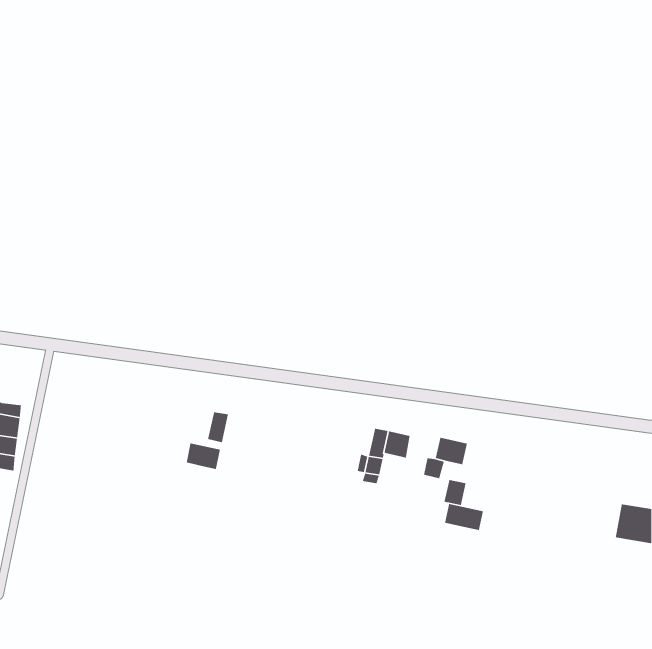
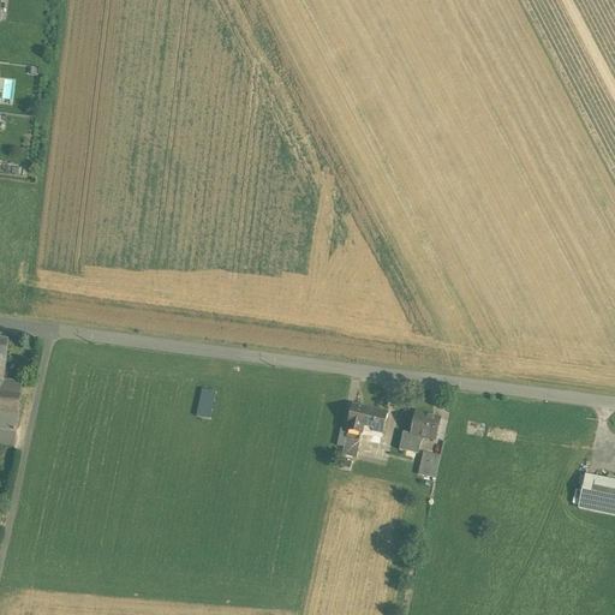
building: [186,442,221,470] -> none
building: [444,503,484,531] -> none

